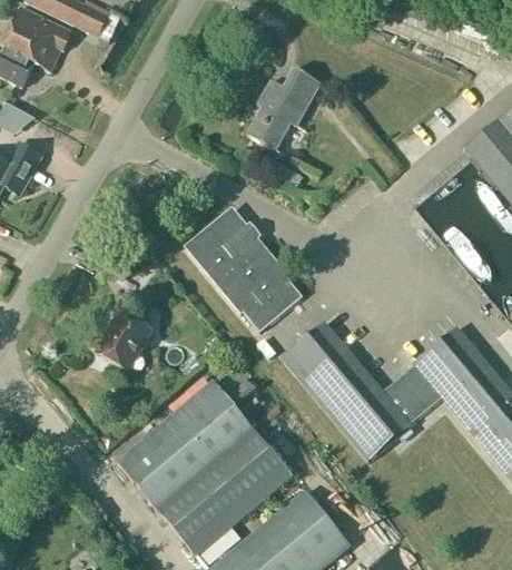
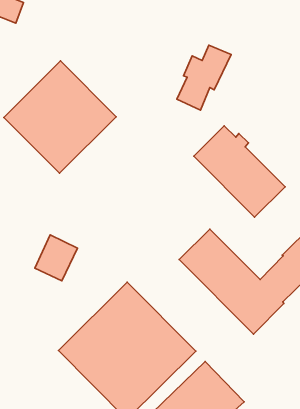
building: [246,68,321,150] -> [177,45,231,110]
building: none -> [4,61,116,173]
building: [188,212,302,332] -> [194,126,285,217]

